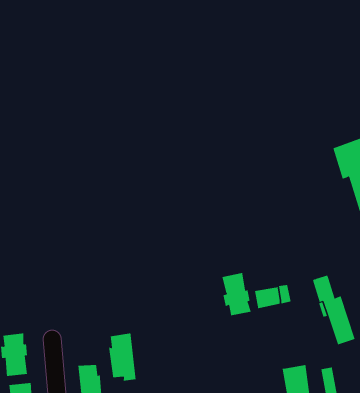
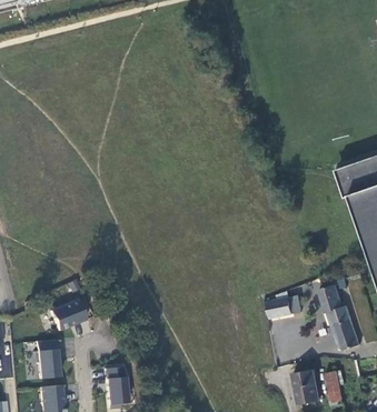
building: [222,272,251,316] -> none
building: none -> [52,300,87,330]
building: [109,332,136,381] -> none

